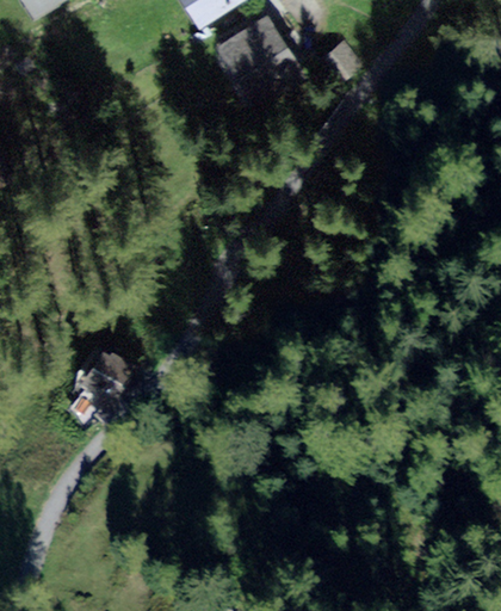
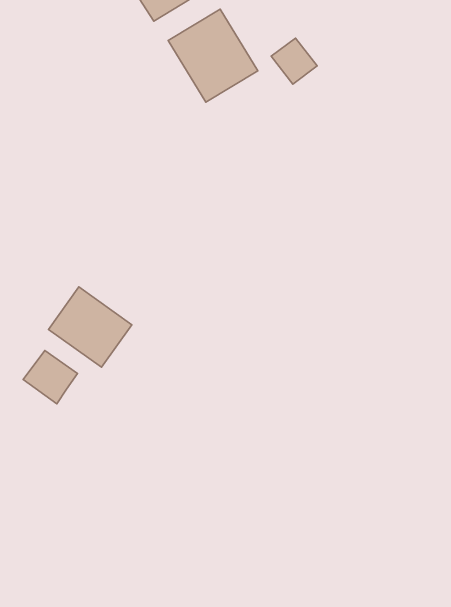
building: none -> [49,287,132,367]

